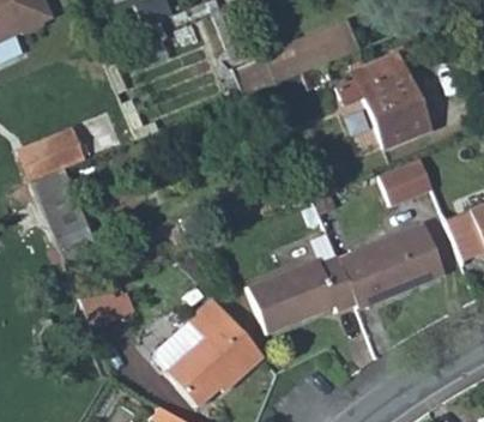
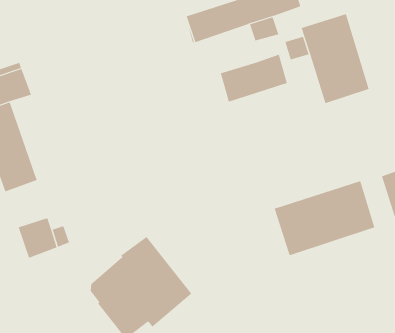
building: none -> [220,54,287,102]
building: [380,158,432,205] -> none
building: [247,245,356,332] -> none

